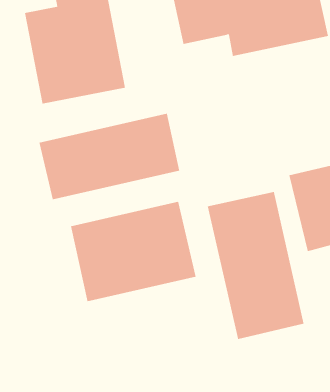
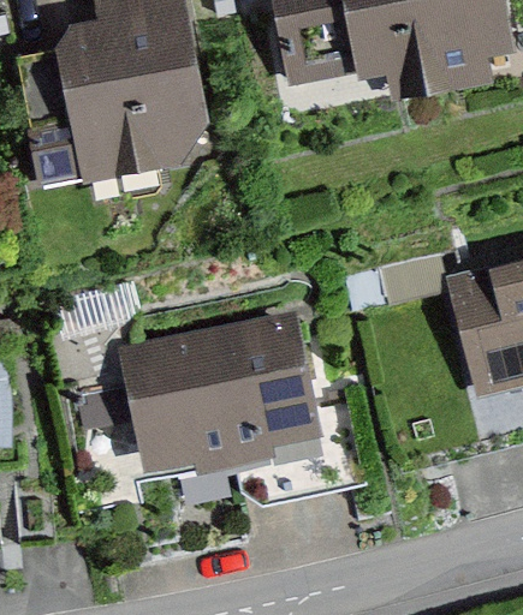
building: [39,113,180,200] -> none
building: [207,191,304,340] -> none

